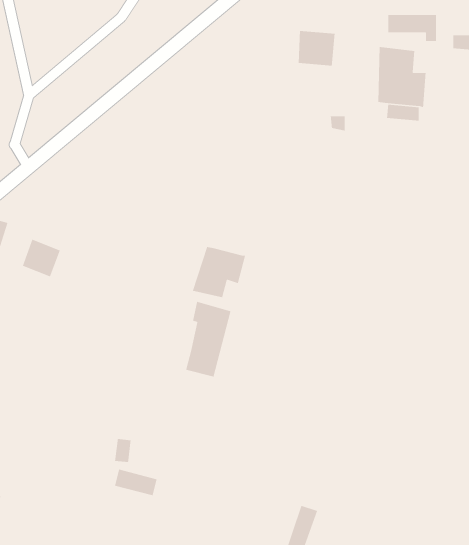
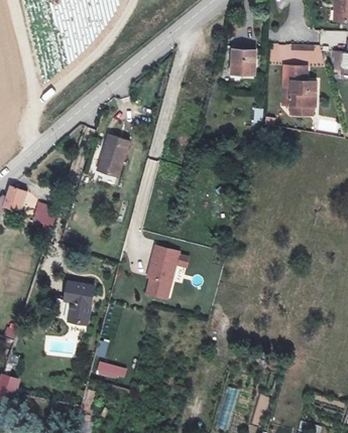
building: none -> [102,133,130,175]
building: [192,246,246,298] -> none
building: none -> [65,280,96,324]

